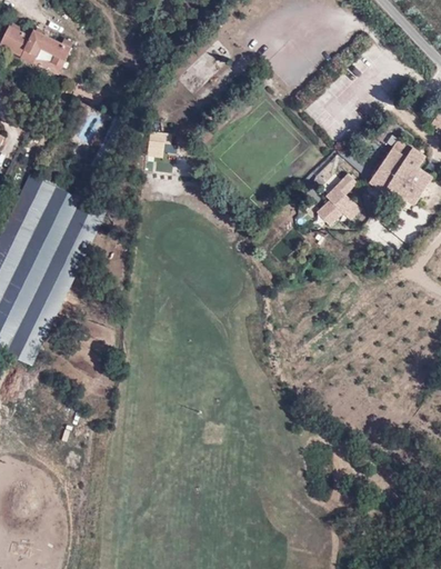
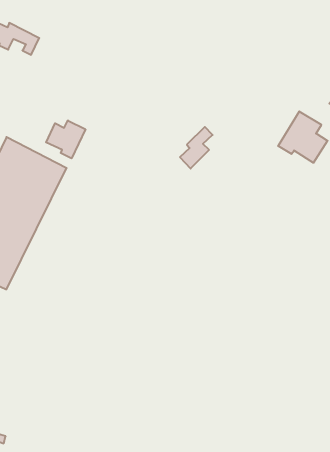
building: none -> [46,120,85,158]
building: [315,173,357,226] -> [180,127,213,169]

